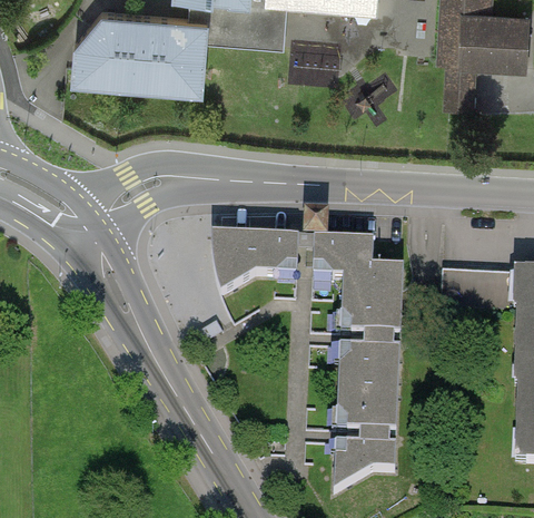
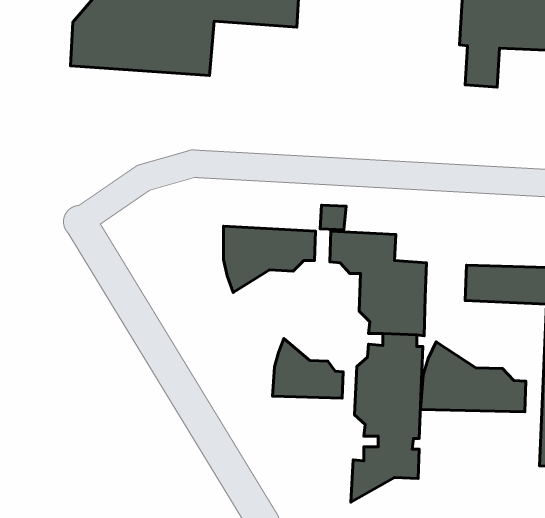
building: none -> [272,338,343,398]
building: none -> [420,342,526,412]

